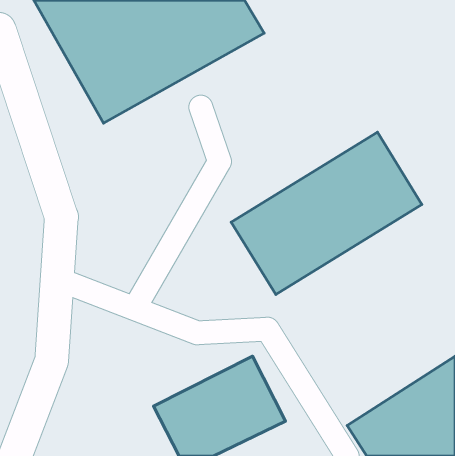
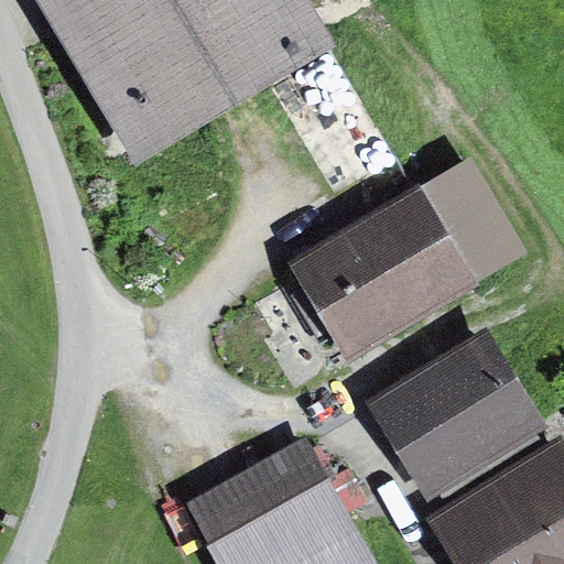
building: none -> [378,340,540,495]

